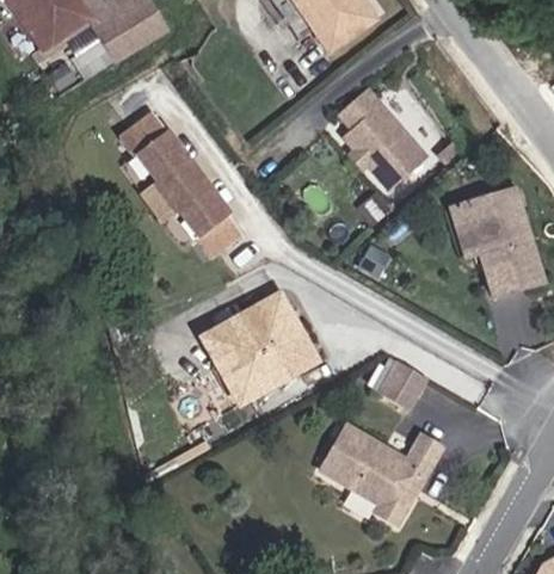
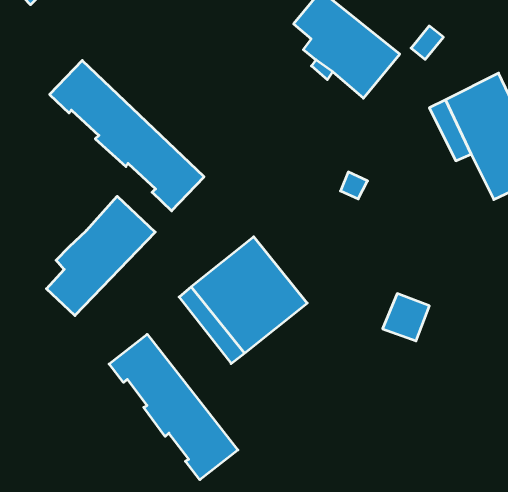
building: none -> [46,196,155,316]
building: none -> [109,334,238,480]
building: [320,422,441,520] -> none

